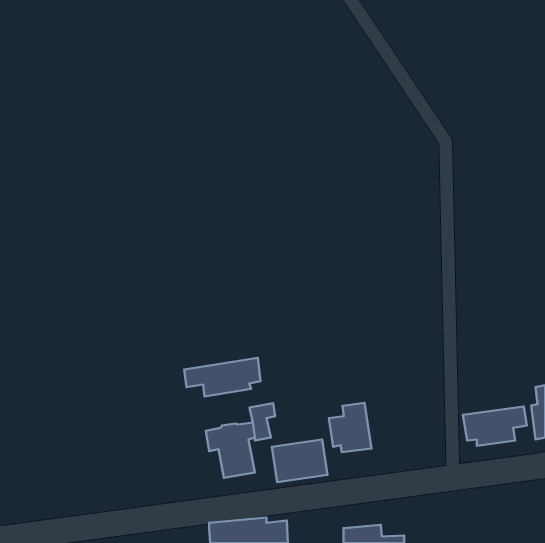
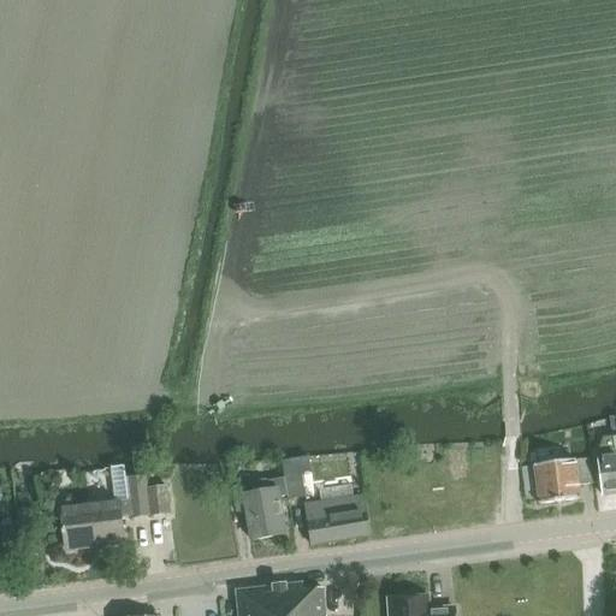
building: [184,358,261,396] -> none
building: [329,403,371,452] -> none
building: none -> [61,464,171,546]

